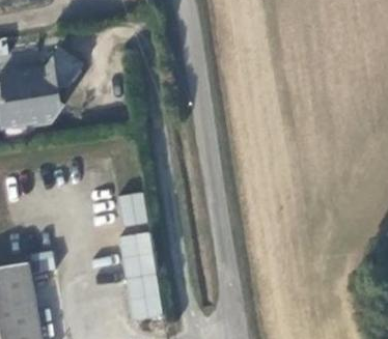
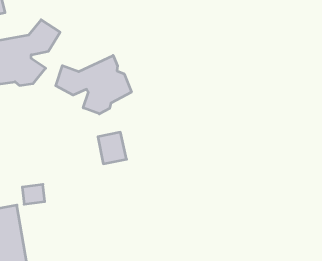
building: none -> [56,55,131,114]
building: [122,222,167,312] -> none

